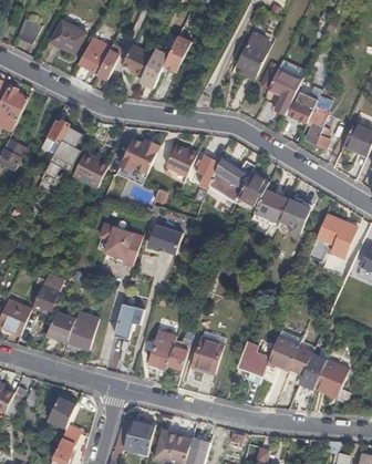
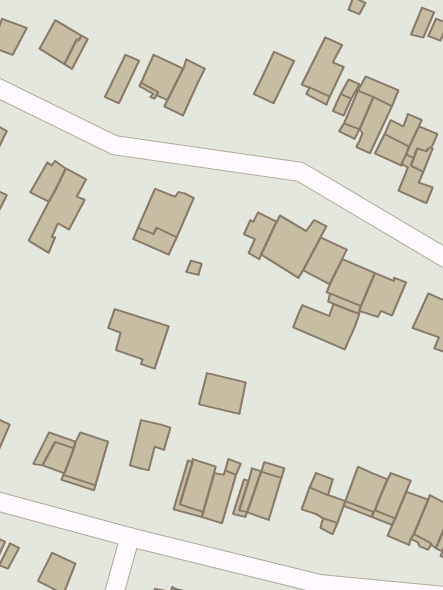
building: [162,34,190,71] -> [254,52,294,103]
building: [78,35,110,73] -> none
building: [163,144,196,183] -> none
building: [72,151,107,187] -> none
building: none -> [293,304,359,349]
building: [146,225,179,254] -> [199,373,246,414]
building: [32,272,63,313] -> none

